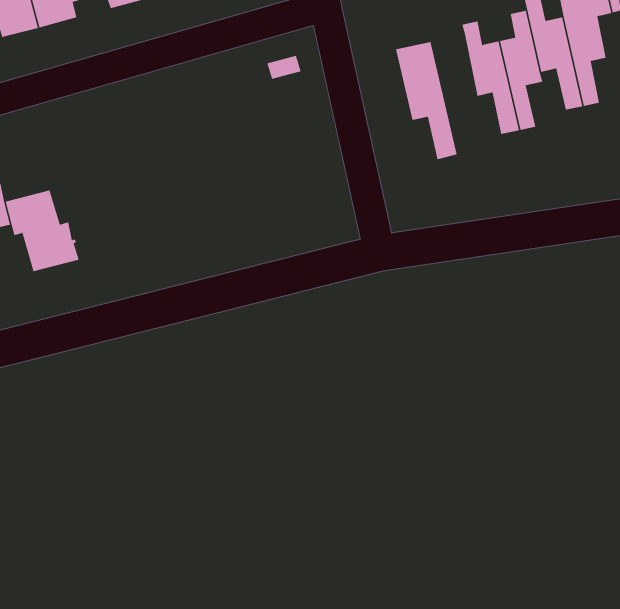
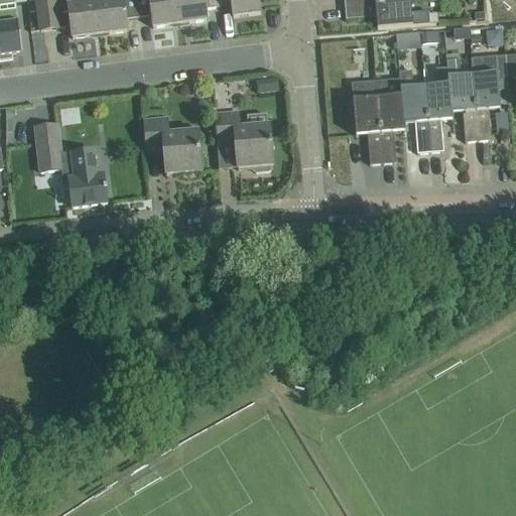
building: none -> [377,76,405,160]
building: none -> [215,109,273,168]
building: none -> [143,115,202,172]

